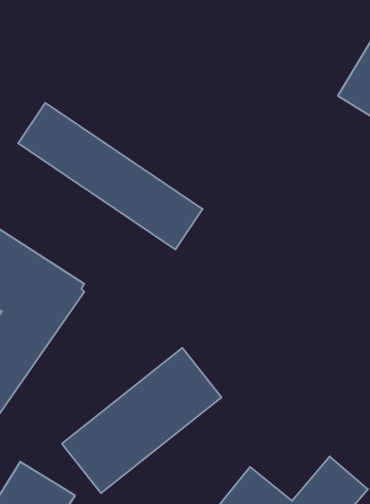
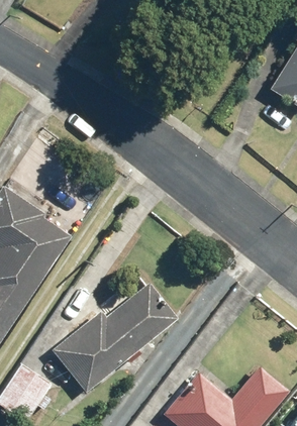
building: [18,103,203,249] -> none

